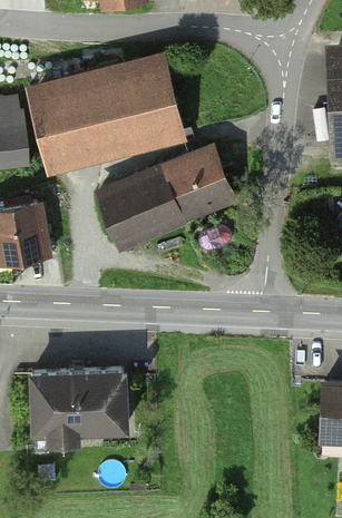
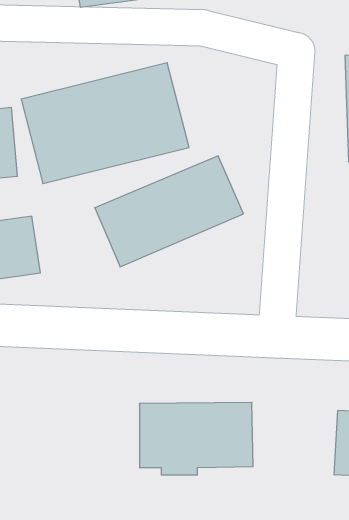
building: [27,378,131,444] -> [139,402,253,475]

